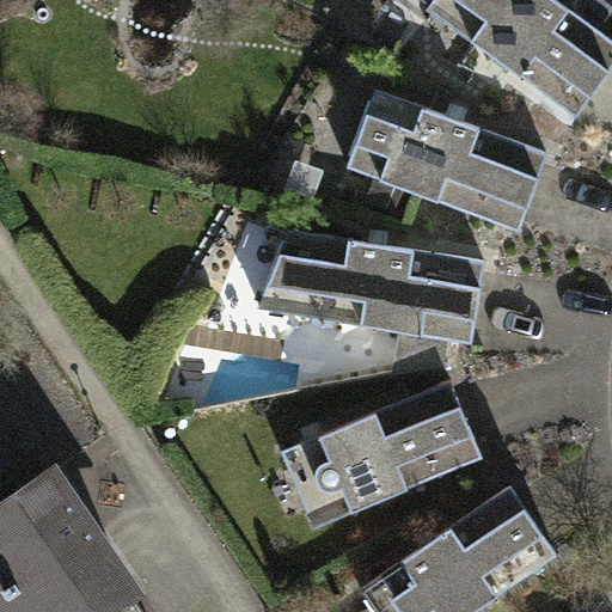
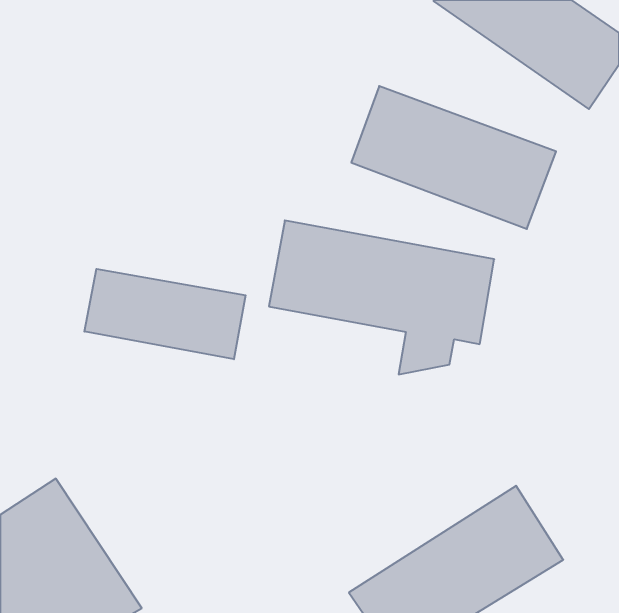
building: none -> [84,269,246,359]
building: [282,380,482,532] -> none

